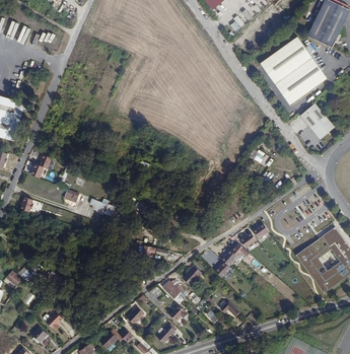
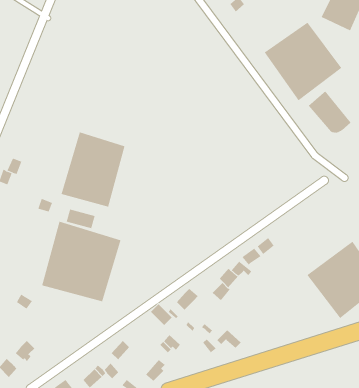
building: none -> [61,132,125,208]
building: none -> [41,221,121,302]

